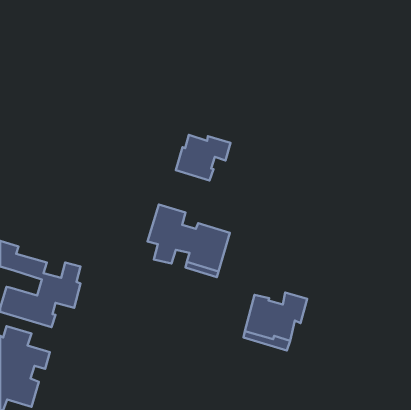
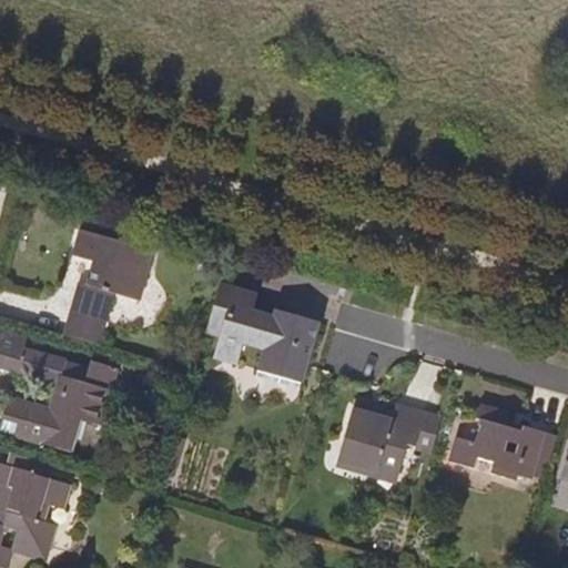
building: [176,135,230,180] -> none
building: none -> [63,230,151,341]
building: none -> [452,403,544,478]

